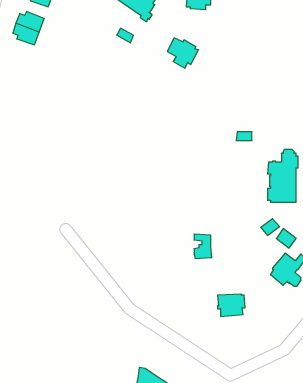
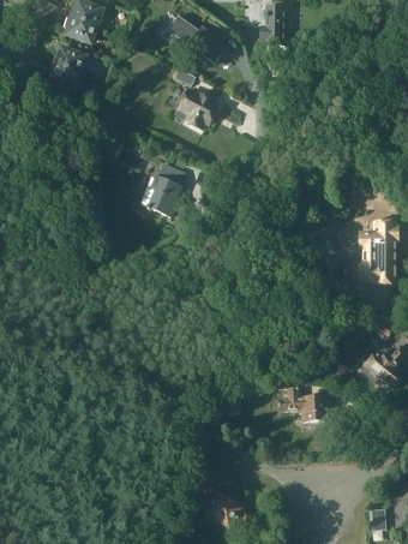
building: [167,38,199,68] -> [179,91,217,128]
building: none -> [146,162,185,219]
building: [194,234,212,258] -> [277,381,299,411]

